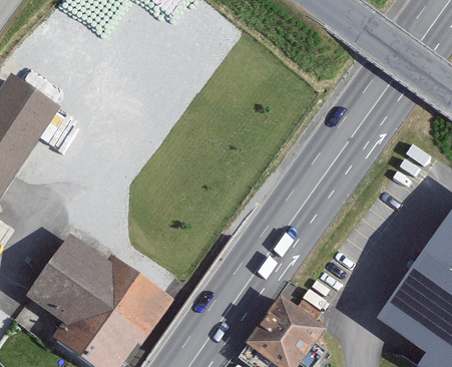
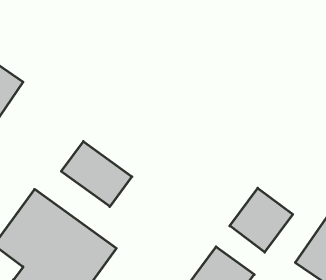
building: none -> [61,141,132,207]
building: none -> [230,188,293,252]

